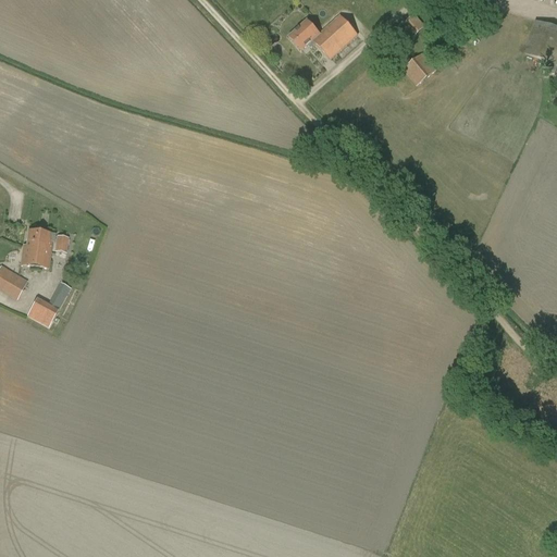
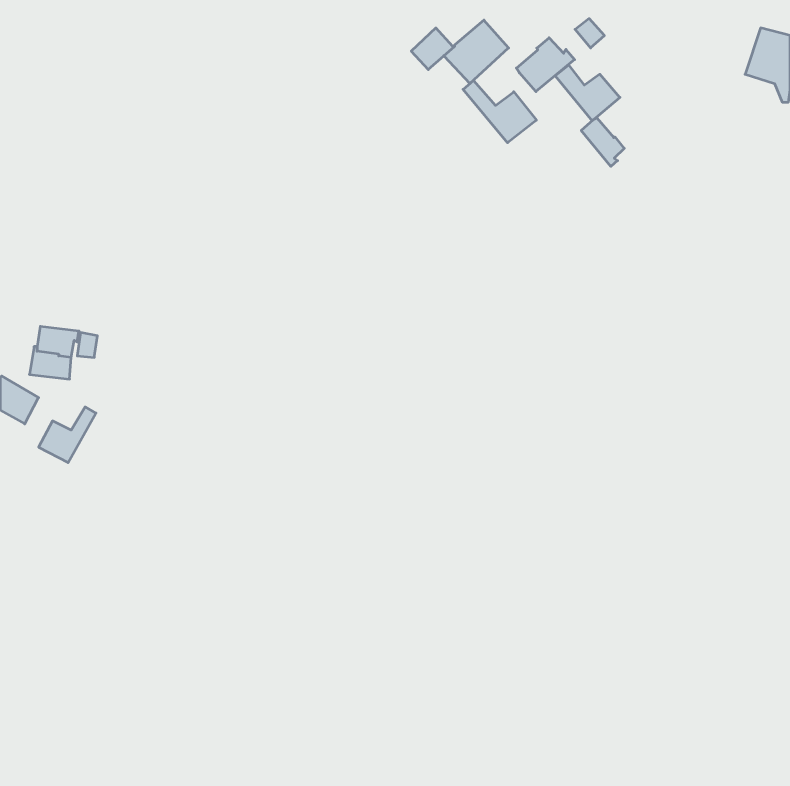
building: none -> [516,38,575,92]
building: none -> [463,80,536,143]
building: none -> [581,118,624,166]

